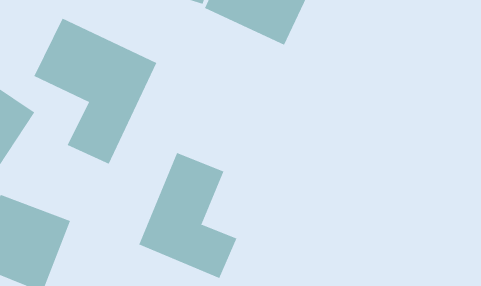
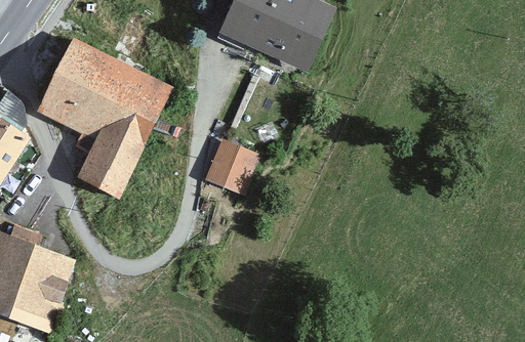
building: none -> [203,136,255,193]
building: [138,152,237,279] -> none

